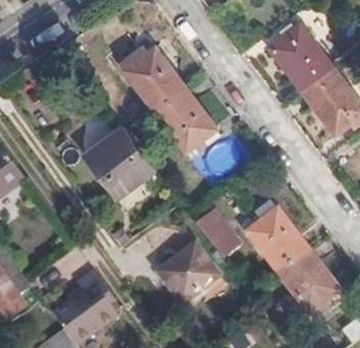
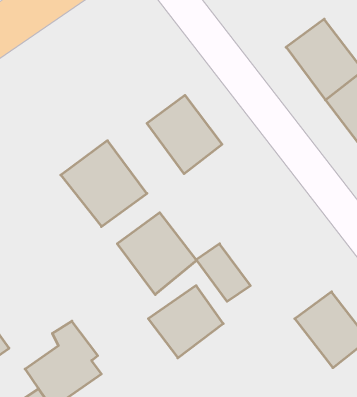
building: [123,47,186,110] -> none
building: none -> [117,213,197,295]
building: [246,208,307,271] -> none

